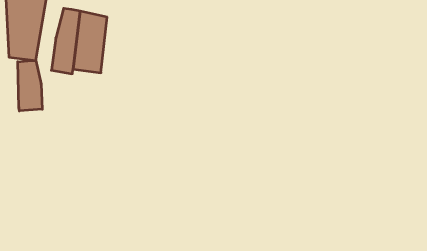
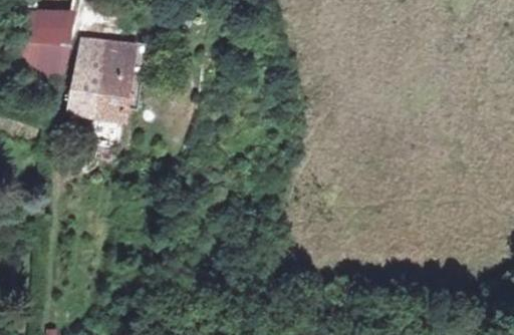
building: [18,61,42,111] -> none

